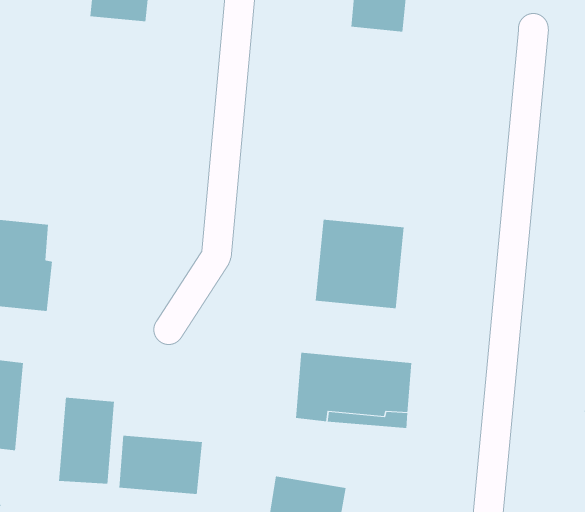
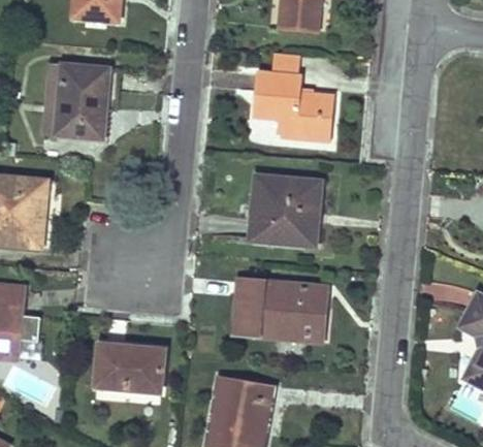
building: none -> [254,52,335,139]
building: none -> [45,64,109,138]
building: [59,397,115,485] -> none

